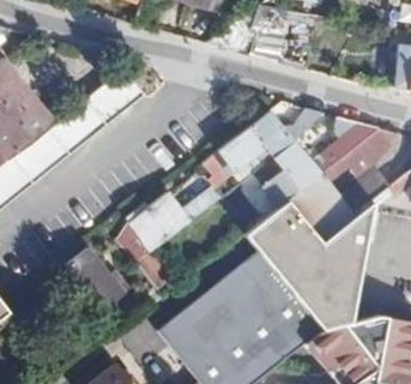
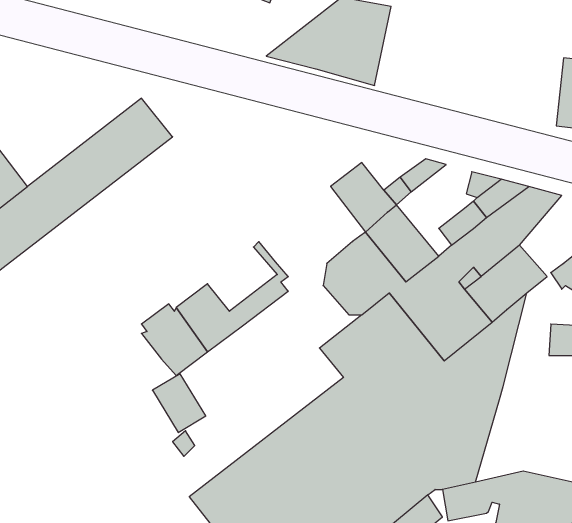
building: [204,127,273,176] -> none
building: [67,247,129,316] -> none

